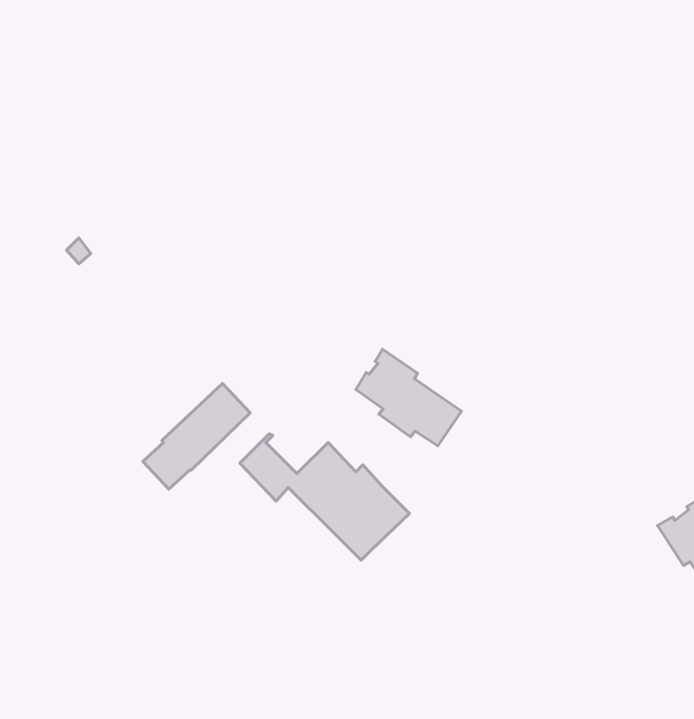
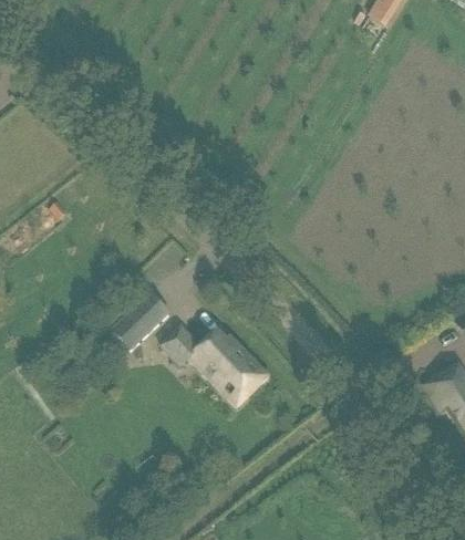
building: [356,349,461,446] -> none

